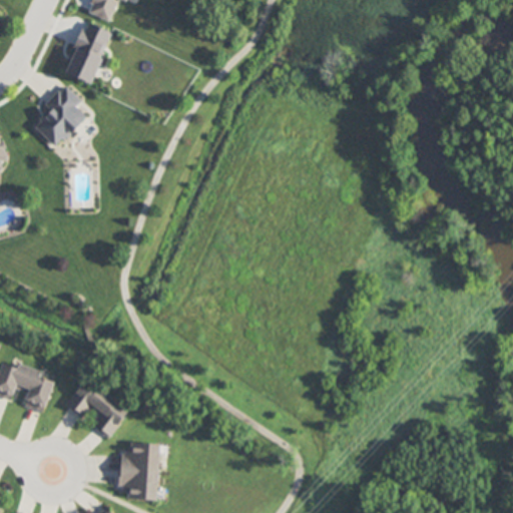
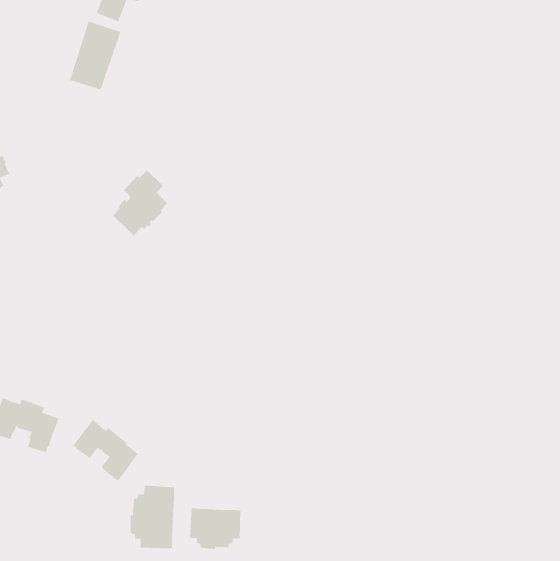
building: [35,86,86,147] -> [112,169,168,236]
building: none -> [190,507,241,550]

